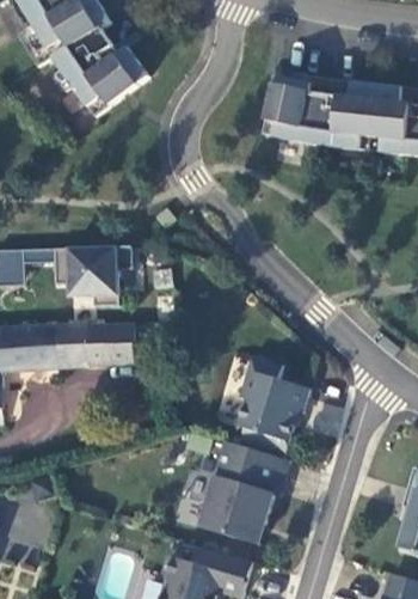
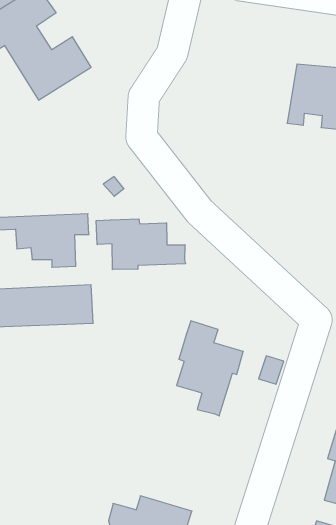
building: [273,72,364,143] -> none
building: none -> [96,219,185,270]
building: [197,446,285,548] -> none

